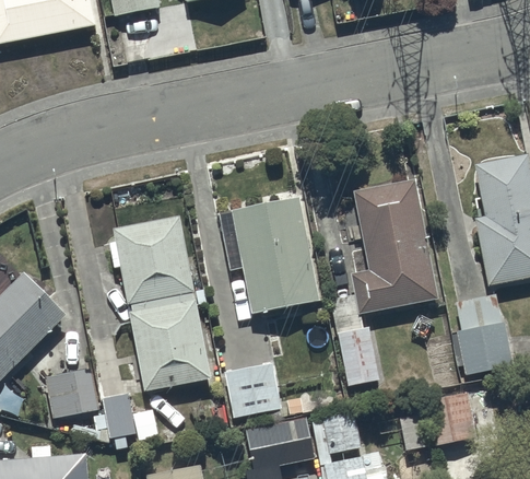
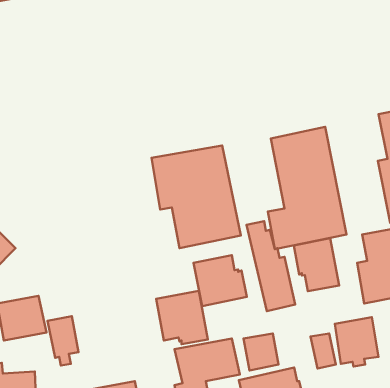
building: [108,215,211,392] -> none
building: none -> [294,238,339,291]
building: none -> [193,255,247,306]

